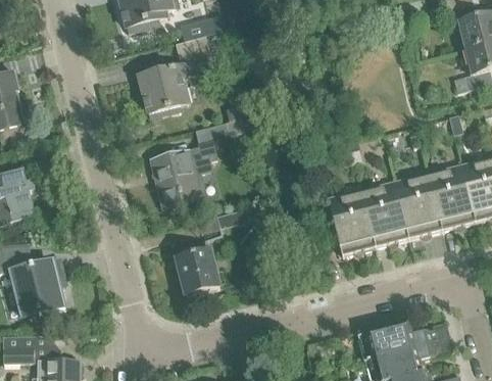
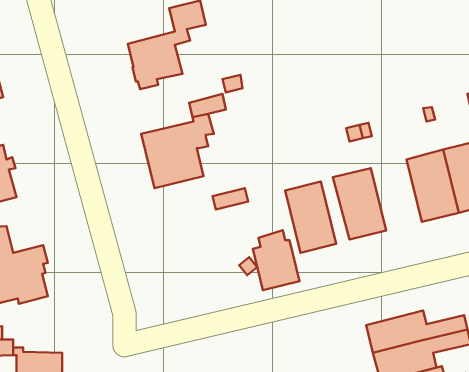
building: [361,181,408,246] -> [285,182,336,253]
building: [177,239,219,294] -> [253,230,300,290]

